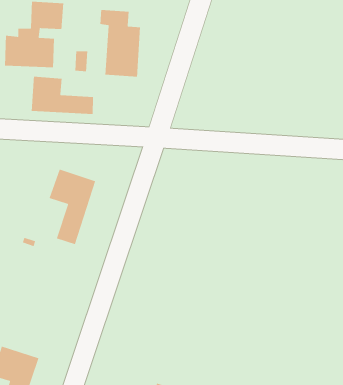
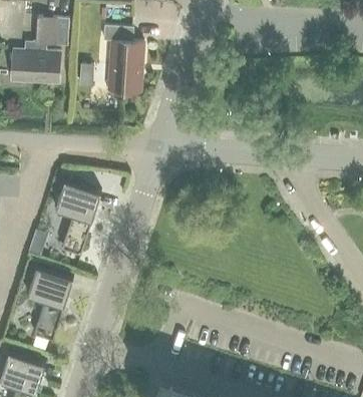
building: [31,76,94,115] -> none
building: none -> [26,264,73,338]

